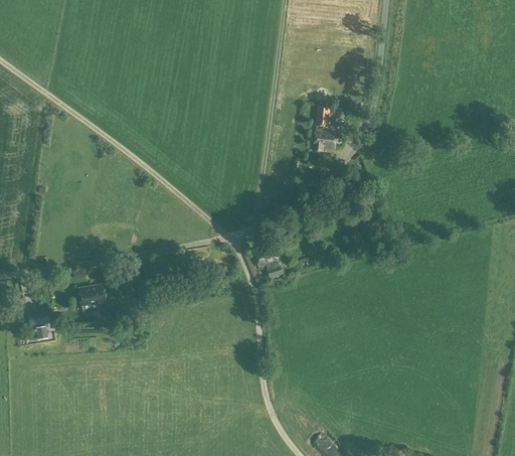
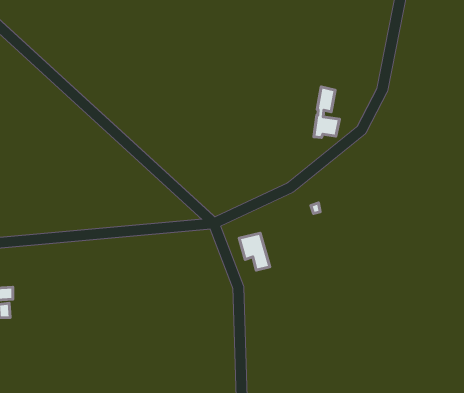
building: [79,285,107,307] -> none

